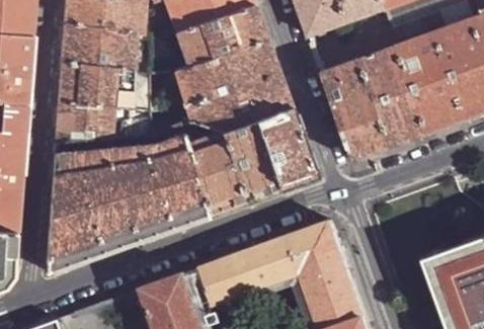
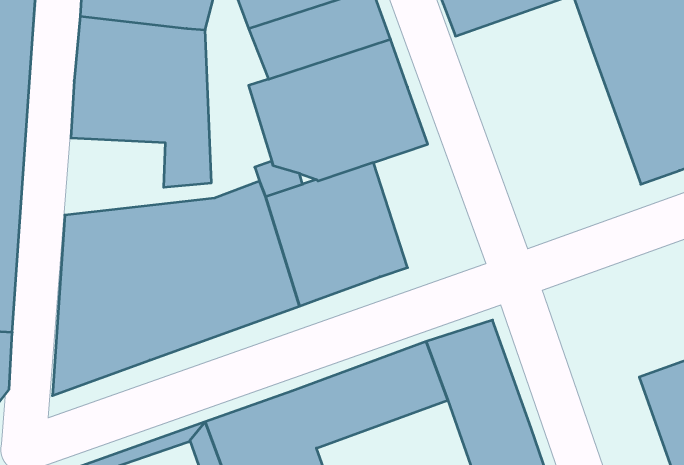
building: [321,46,429,159] -> none
building: [53,102,117,142] -> none
building: [254,106,314,187] -> none

